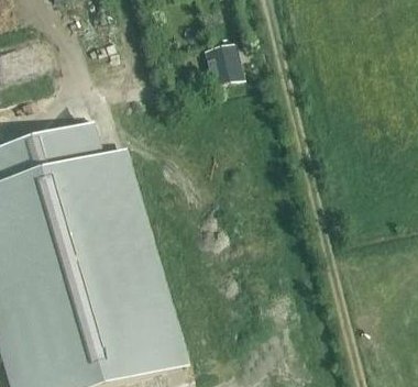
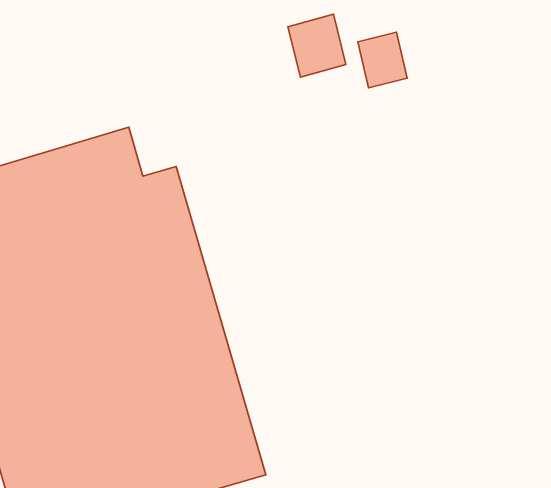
building: none -> [358,32,407,88]

